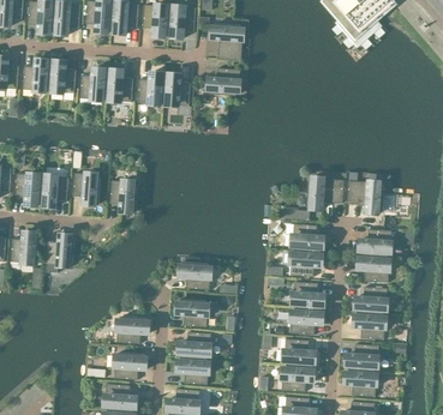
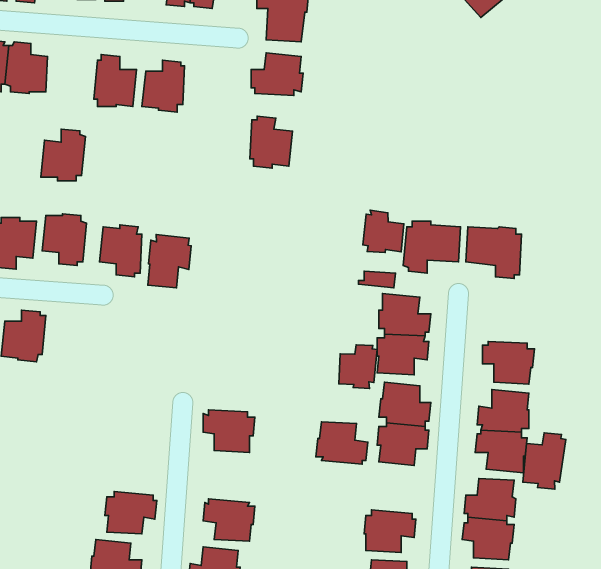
building: [79,66,108,100] -> [41,129,85,181]
building: [163,72,191,106] -> [250,116,292,168]
building: none -> [363,210,404,253]
building: none -> [148,234,191,288]
building: [359,228,393,254] -> none
building: none -> [339,345,377,388]
building: [179,260,212,288] -> none
building: none -> [523,433,566,489]
building: [115,314,149,342] -> none
building: [178,330,211,357] -> none
building: [282,337,316,365] -> [316,422,368,464]

